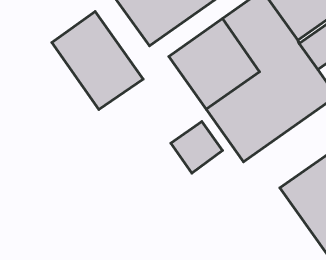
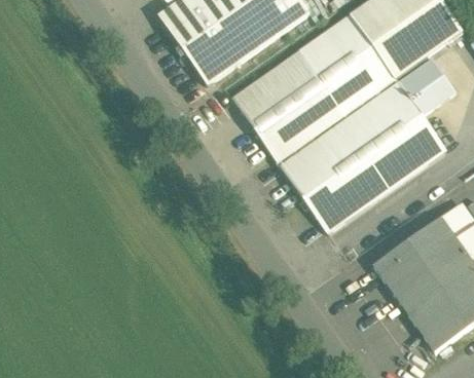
building: [52,11,143,109] -> none
building: [171,122,222,173] -> none

